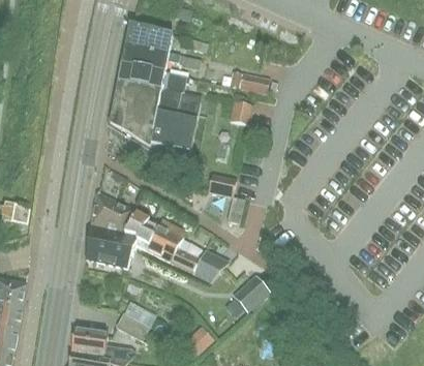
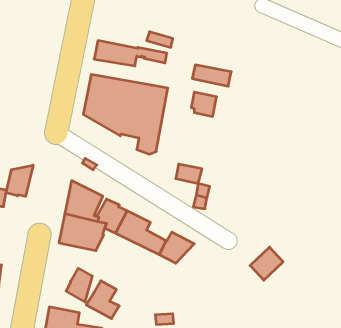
building: [127,24,173,52] -> none
building: [120,63,187,91] -> none
building: none -> [6,165,33,196]
building: [233,275,268,310] -> [250,247,283,280]
building: none -> [66,268,92,302]

